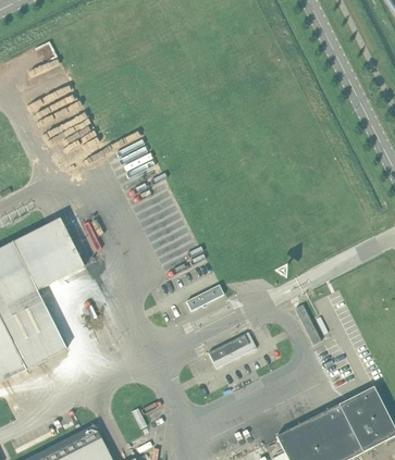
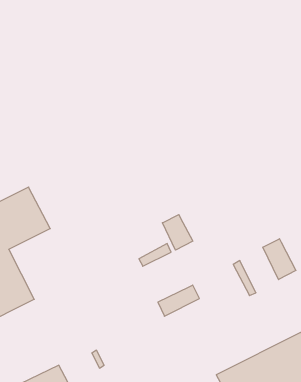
building: none -> [162,215,193,250]
building: none -> [263,239,296,280]

